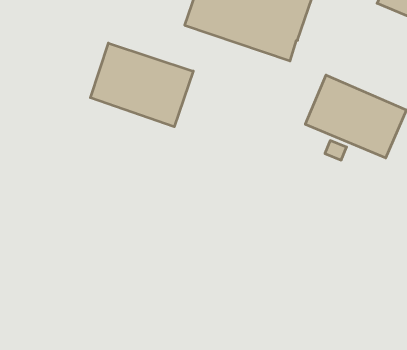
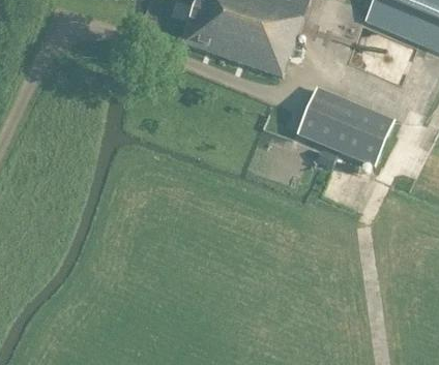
building: [90,43,193,127] -> none

